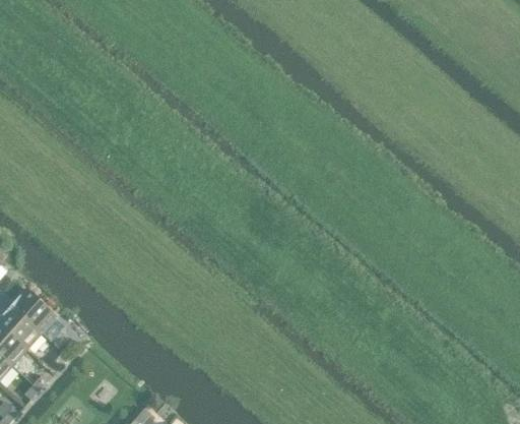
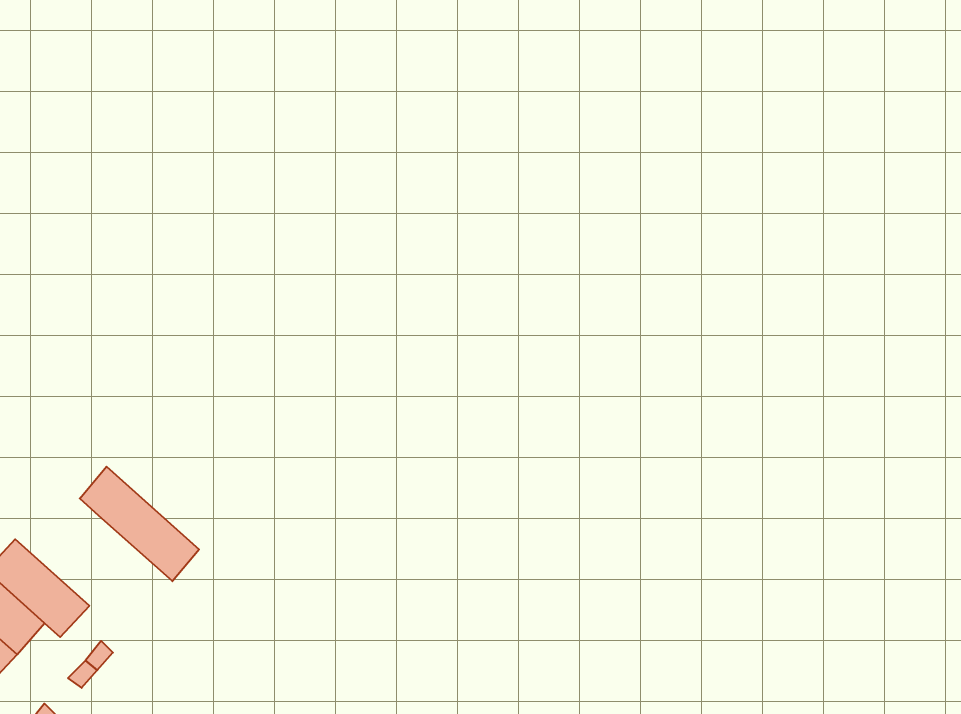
building: none -> [80,467,199,581]

